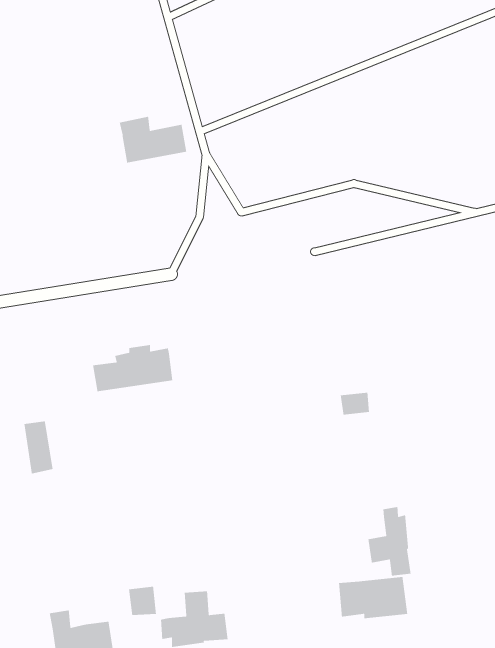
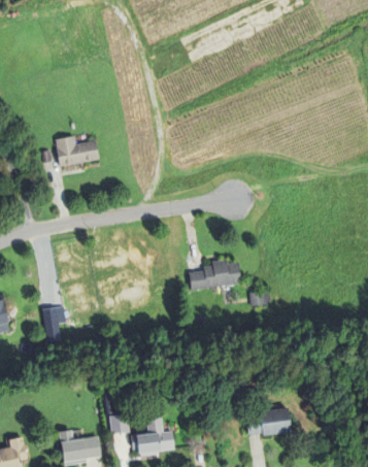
building: [119,116,187,163] -> [55,135,99,166]
building: [92,344,173,392] -> [189,260,241,291]
building: [368,506,411,577] -> none

